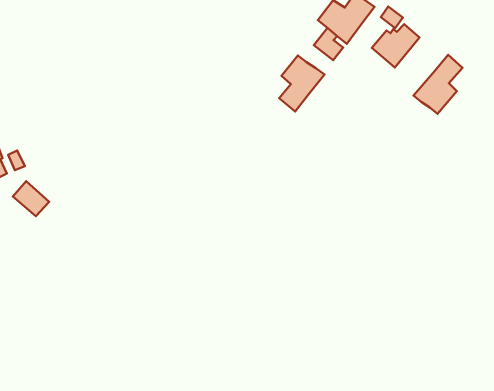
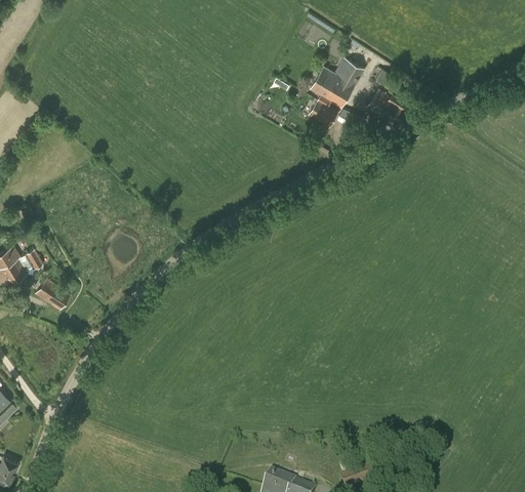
building: [413,55,463,114] -> none
building: [279,56,324,112] -> none

